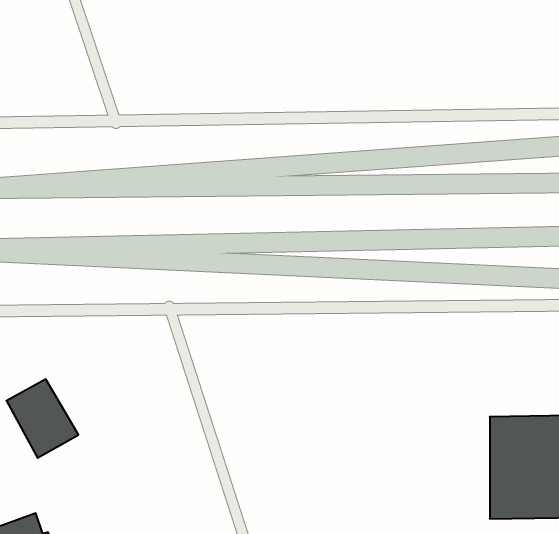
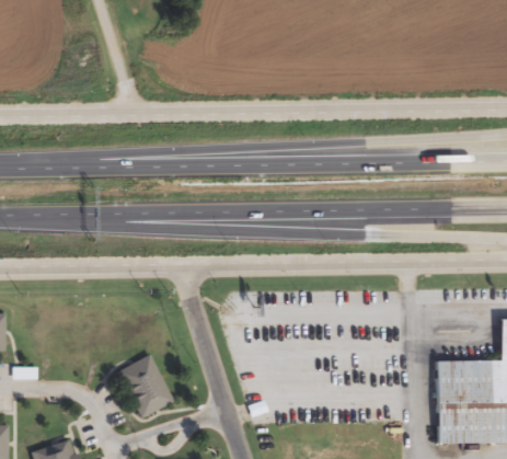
building: [6,379,78,458] -> [117,355,175,418]

